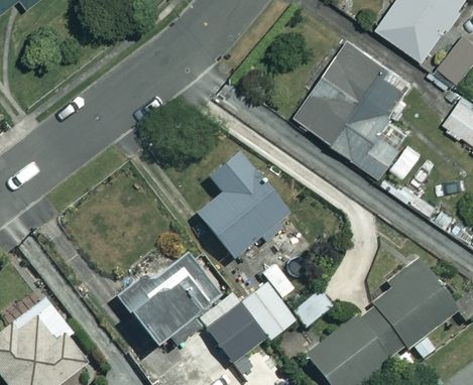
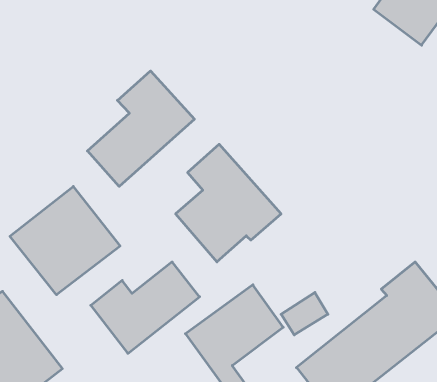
building: [292,39,407,178] -> none
building: none -> [87,71,194,186]
building: none -> [10,186,120,295]

